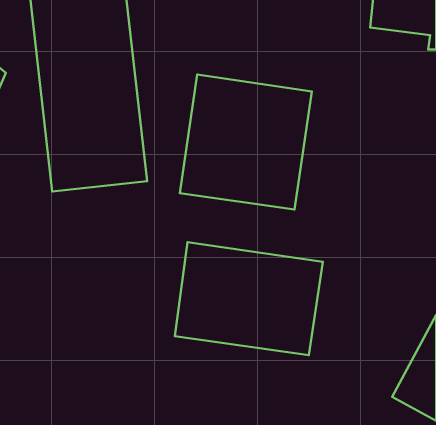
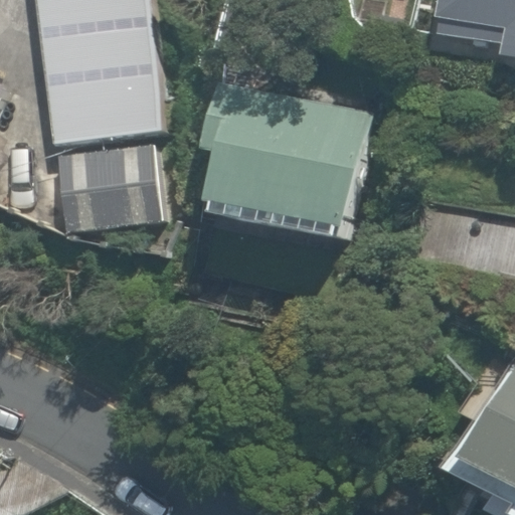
building: [175,242,323,355] -> none

